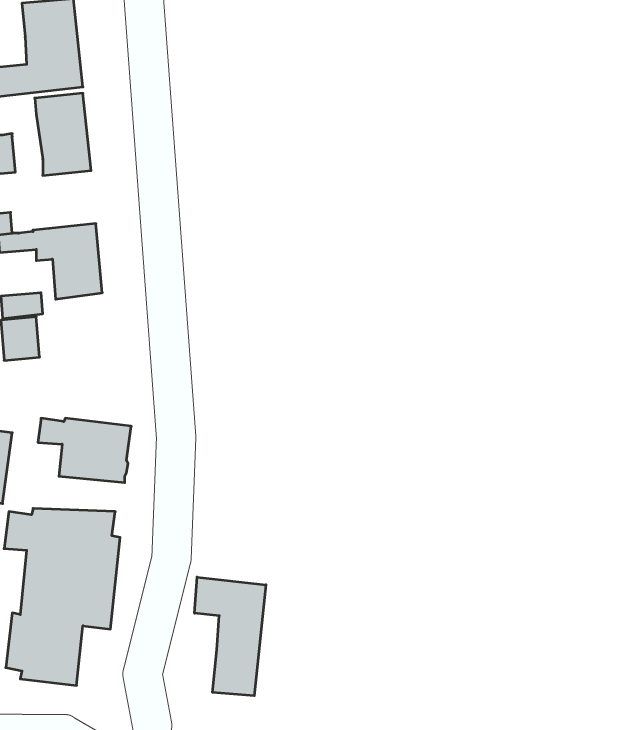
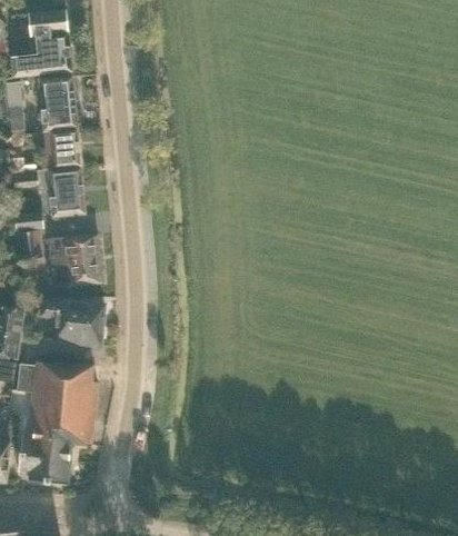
building: none -> [42,127,79,167]
building: none -> [46,232,100,285]
building: [195,577,266,696] -> none

